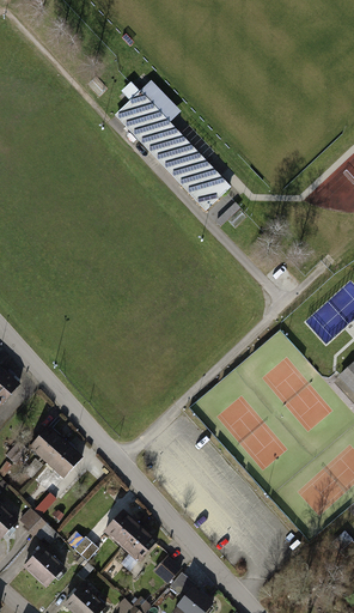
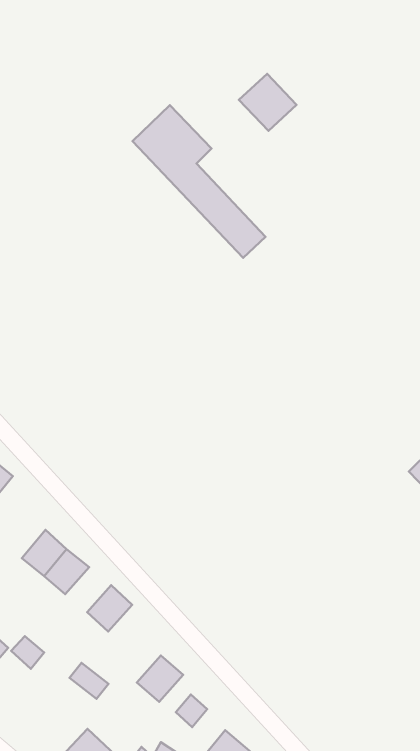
building: none -> [239,74,297,131]
building: [103,510,139,547] -> [87,585,132,632]
building: [24,547,66,589] -> none

